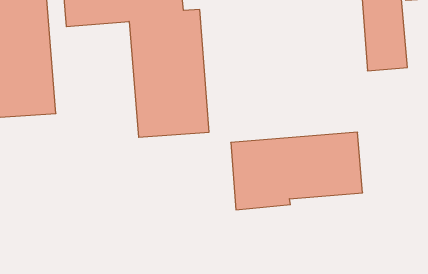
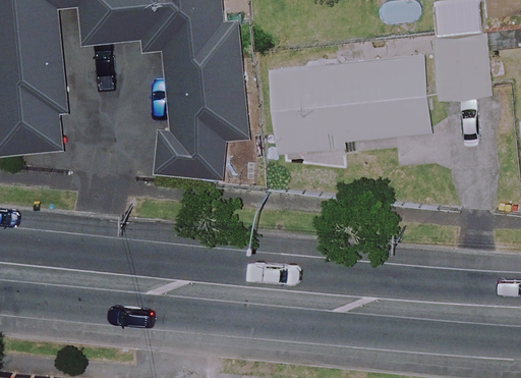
building: [231,132,363,210] -> [273,58,430,151]

